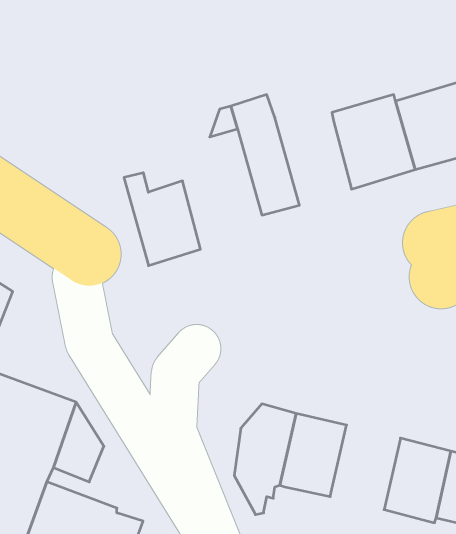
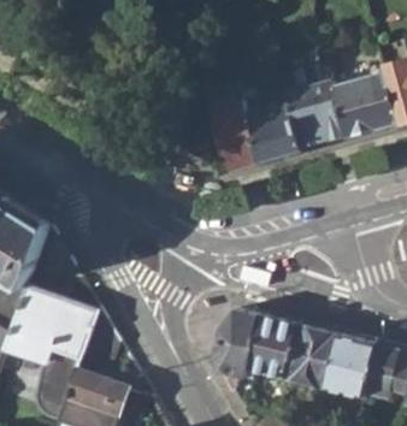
building: [124,173,200,266] -> [243,94,300,162]
building: none -> [284,325,336,387]

